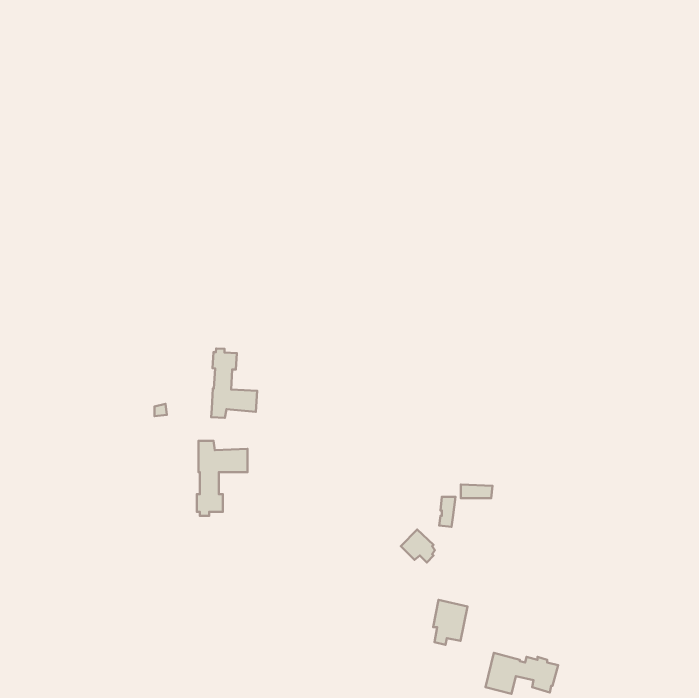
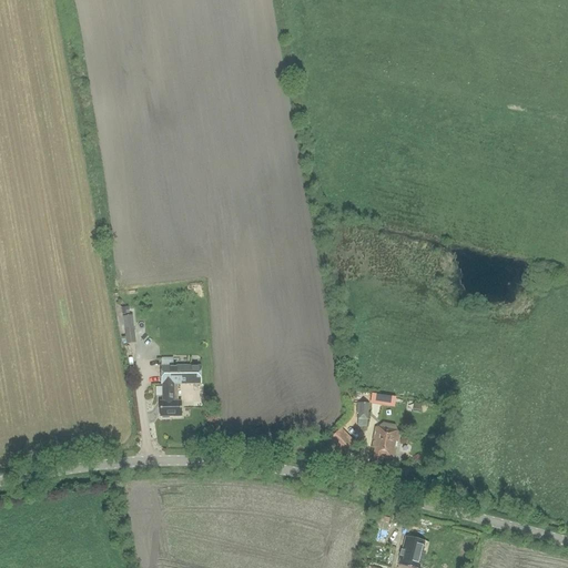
building: [211,348,257,418] -> none
building: [433,600,467,645] -> [372,426,399,463]

